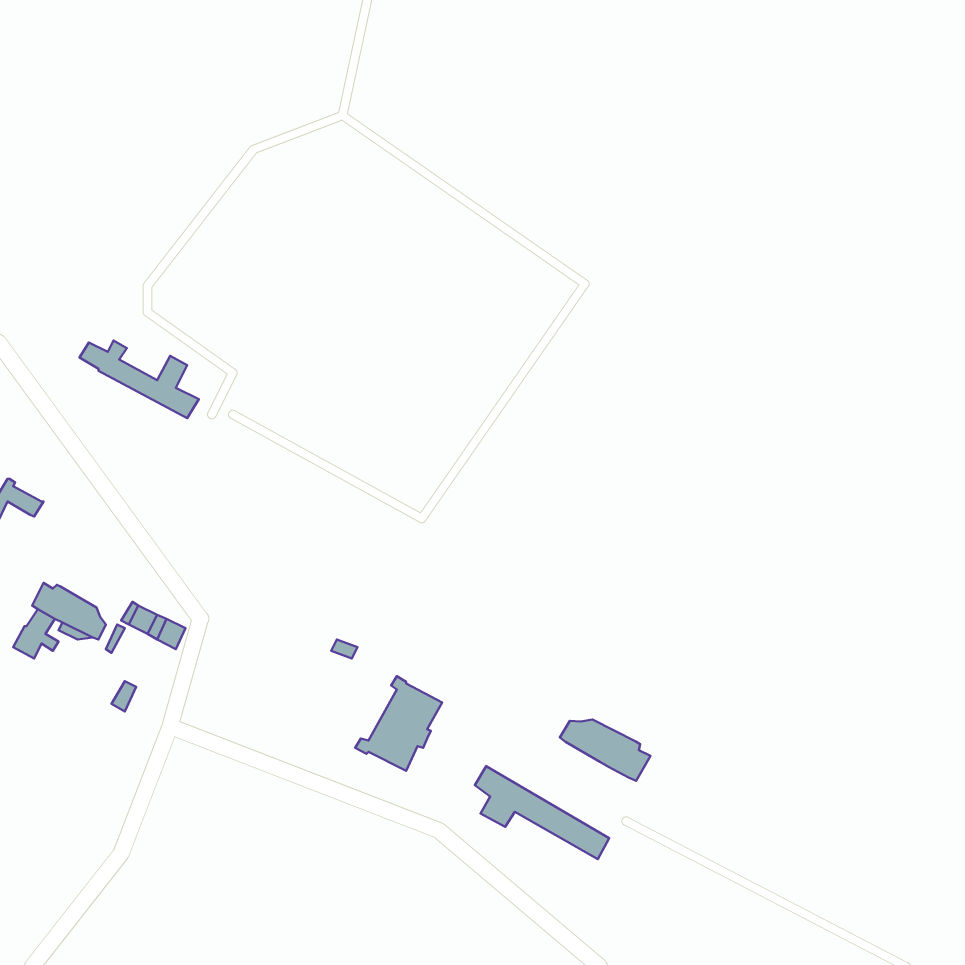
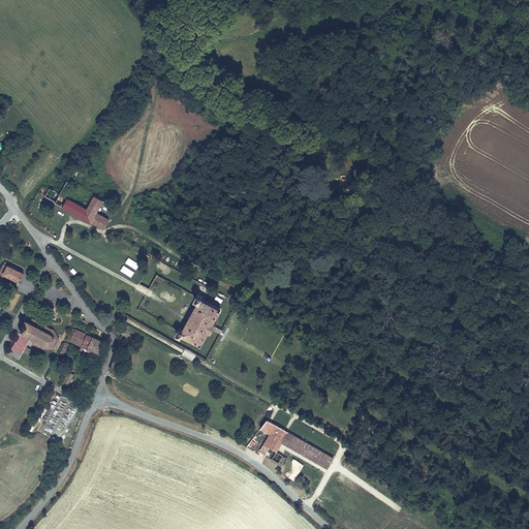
building: [355,676,442,771] -> [173,294,220,346]
building: [560,719,651,781] -> none

